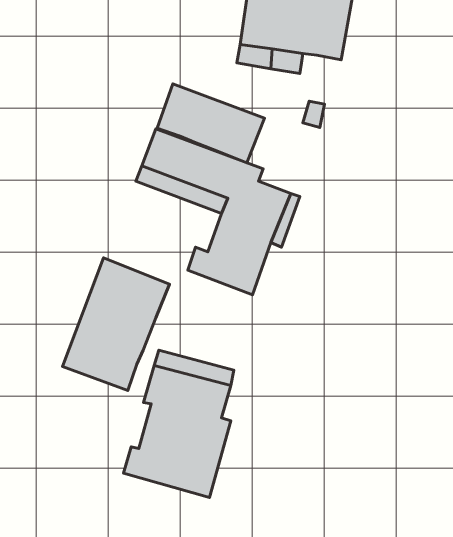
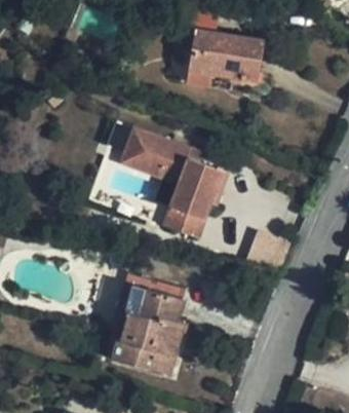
building: [157,84,265,163] -> none
building: [62,258,169,391] -> none

